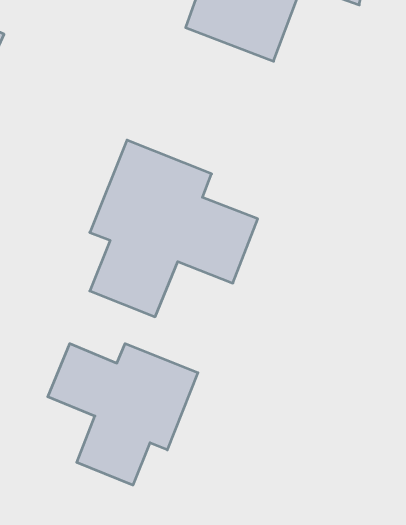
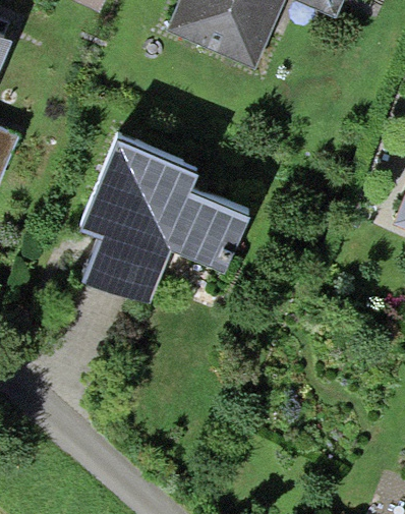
building: [48,344,198,485] -> none

